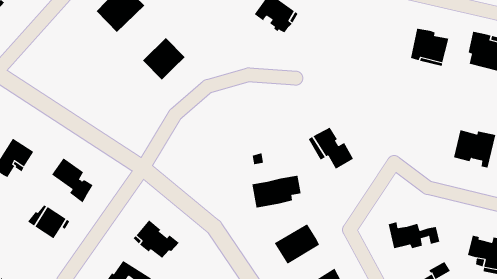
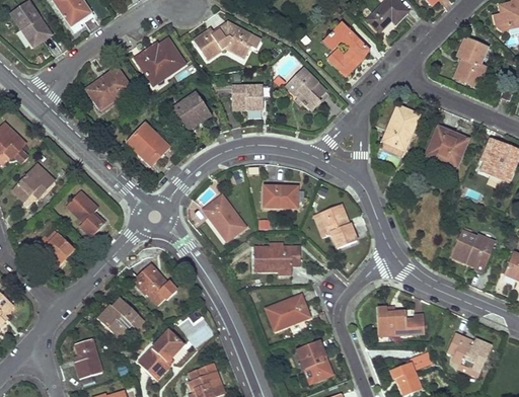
building: none -> [382,105,419,149]
building: none -> [231,89,263,114]
building: none -> [86,68,130,107]
building: none -> [127,123,169,165]
building: none -> [264,185,297,207]
building: none -> [203,194,245,240]

